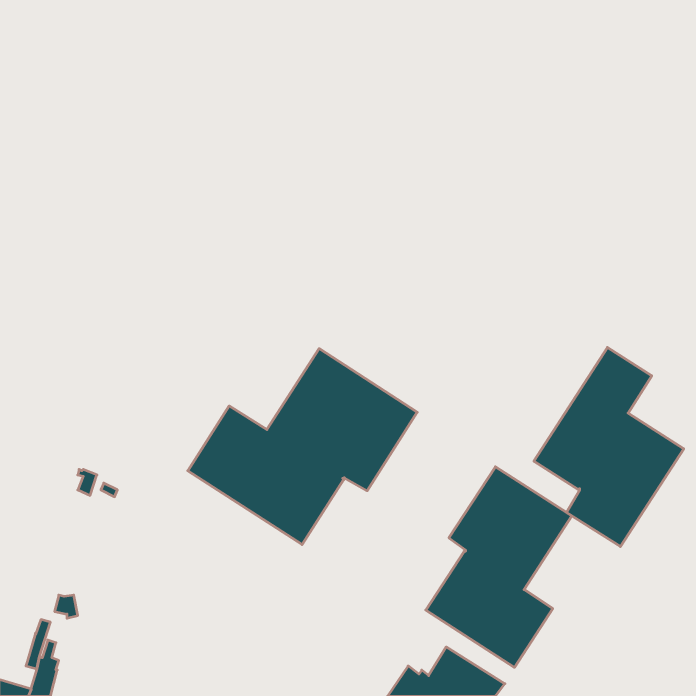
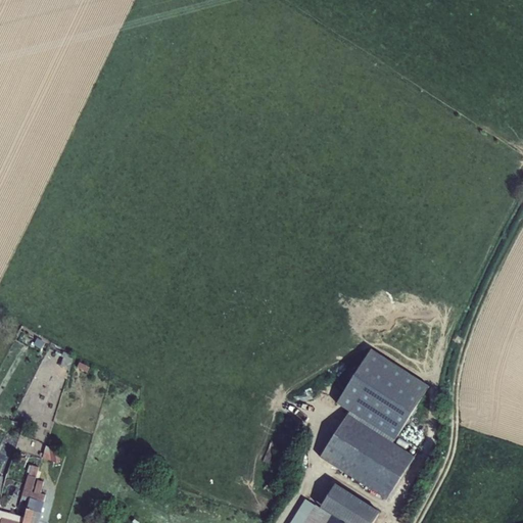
building: [534,347,684,547] -> none
building: [188,349,417,545] -> none

